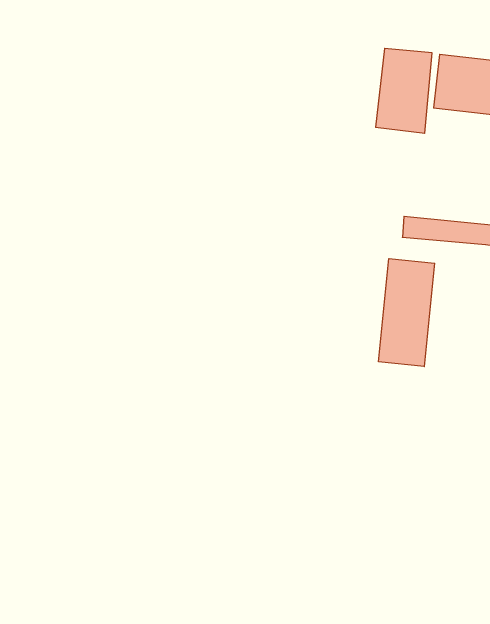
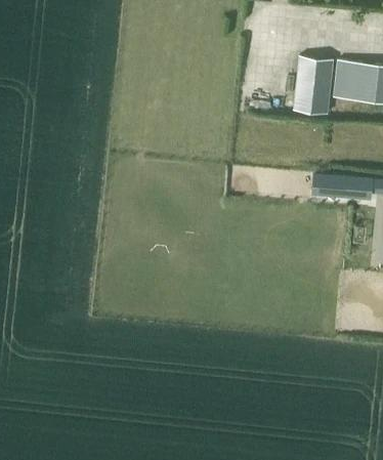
building: [379,259,435,367] -> none

